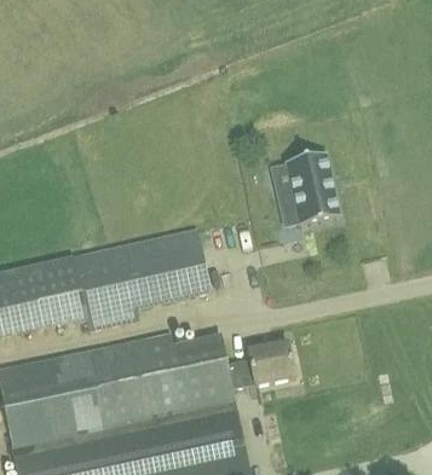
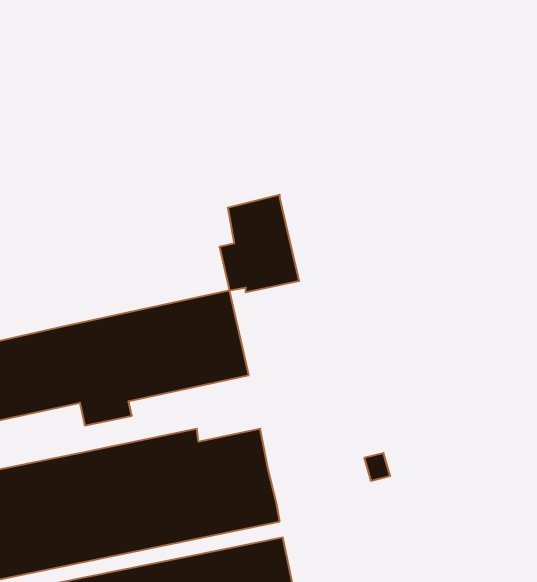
building: [276,150,335,222] -> [220,195,299,292]
building: [221,342,292,388] -> none

